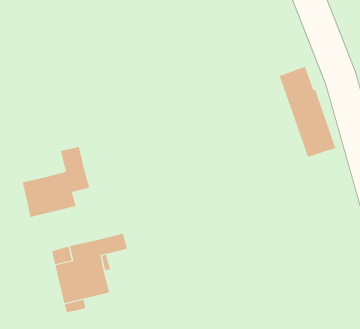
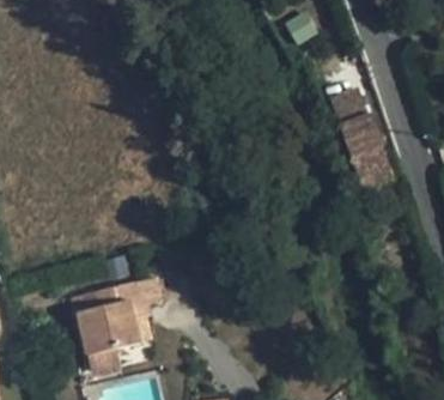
building: [22,146,90,218] -> none

